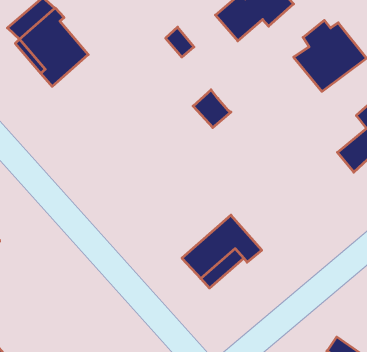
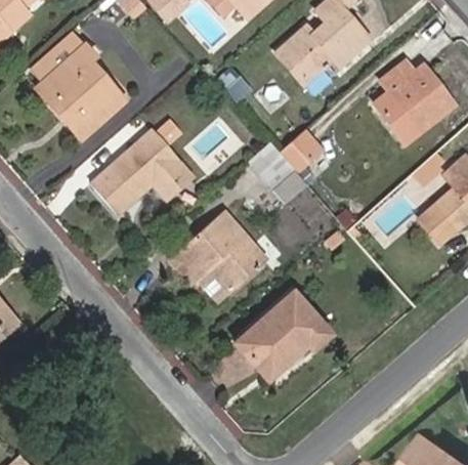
building: none -> [280,129,324,171]
building: none -> [93,130,193,212]
building: none -> [178,213,265,299]

